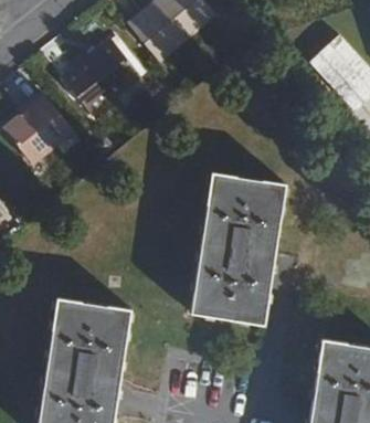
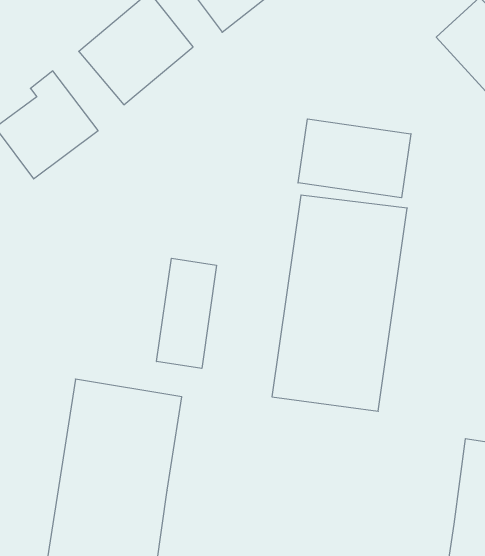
building: none -> [298,119,411,198]
building: none -> [157,258,216,368]

